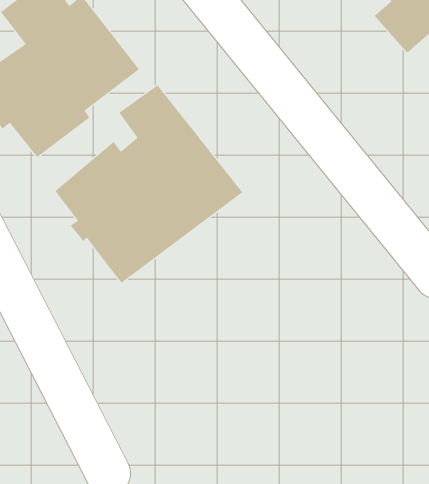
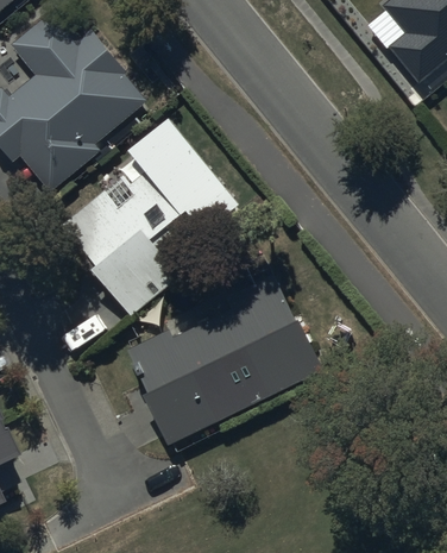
building: none -> [127,272,325,447]

